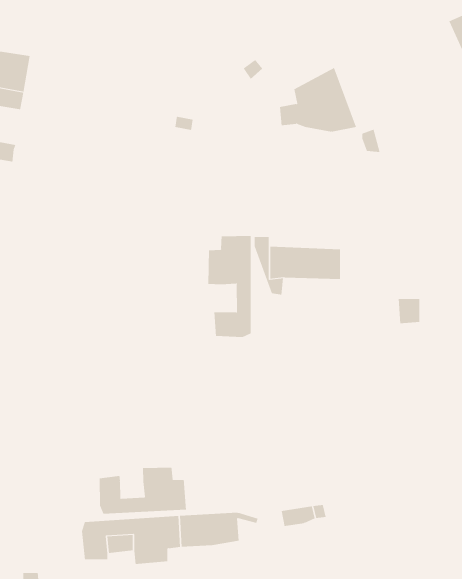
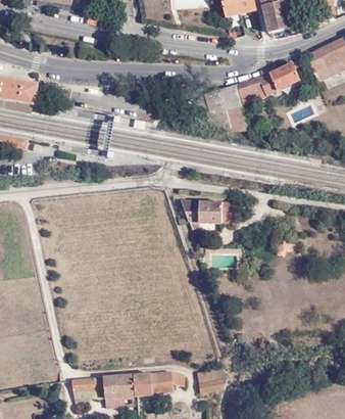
building: none -> [237,61,300,101]
building: [208,235,251,338] -> none
building: [99,467,186,515] -> none

